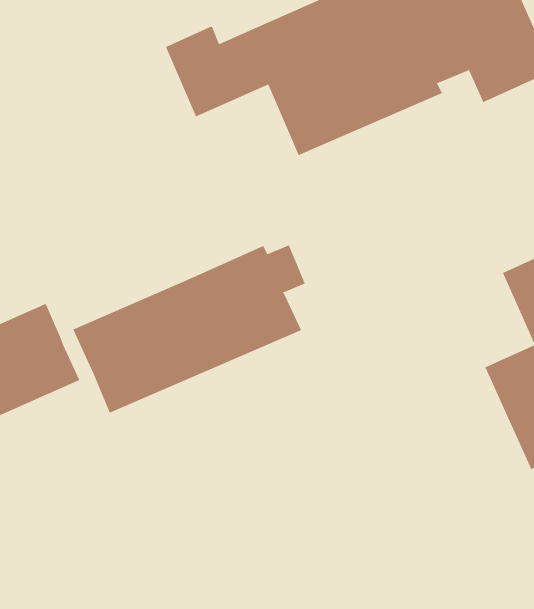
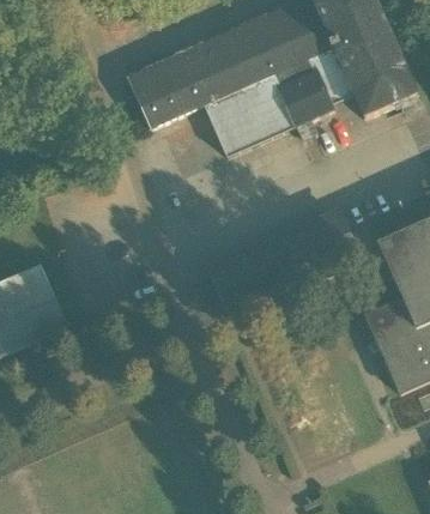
building: [73,245,306,413] -> none

